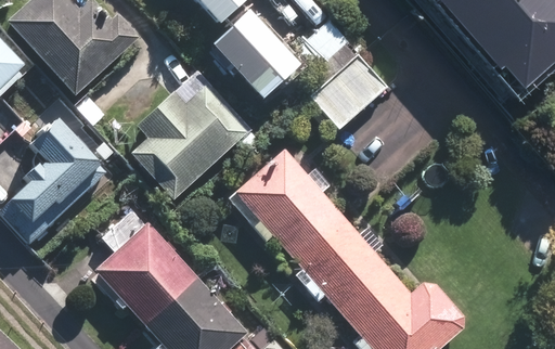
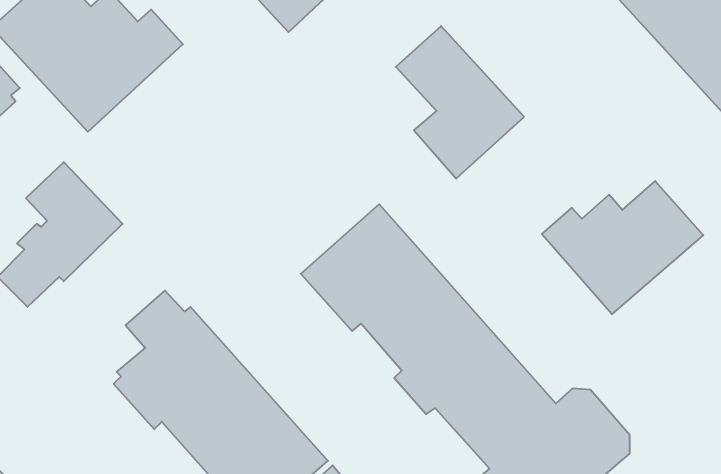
building: [209,11,305,101] -> none
building: [129,72,261,203] -> none
building: none -> [542,181,703,314]

